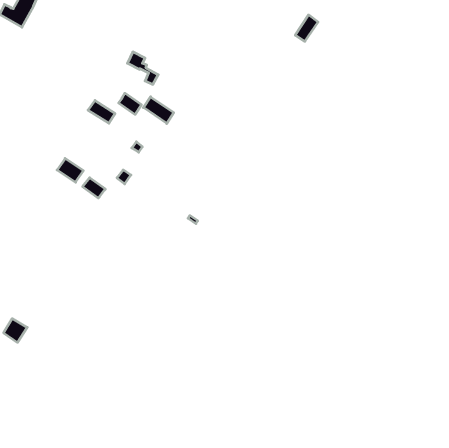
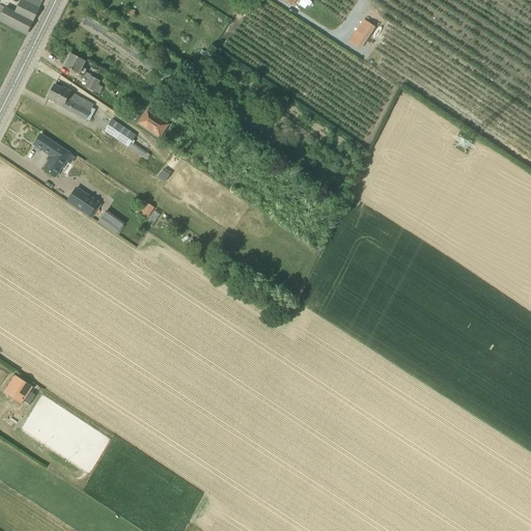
building: [127,52,158,84] -> [64,52,101,90]
building: none -> [48,84,95,119]
building: [143,97,174,124] -> none
building: none -> [34,133,75,175]

